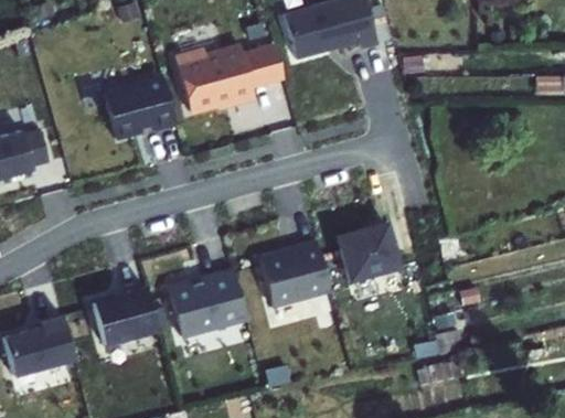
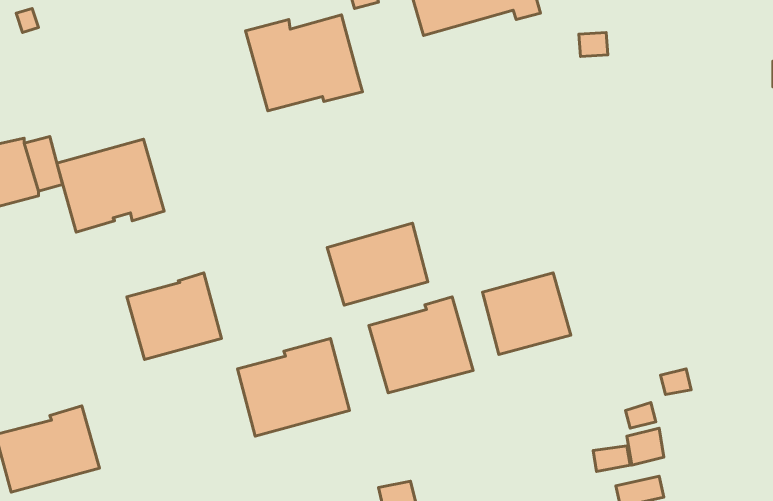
building: [243,45,284,86] -> none
building: [103,75,177,139] -> [57,139,164,232]
building: none -> [327,223,428,305]
building: [93,286,158,345] -> [127,273,222,359]

